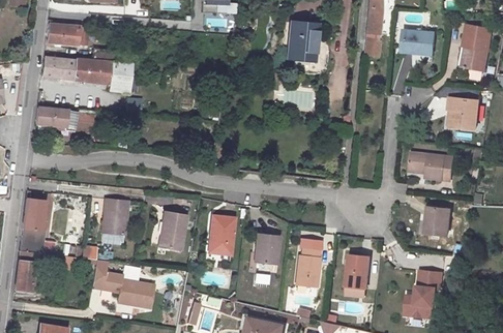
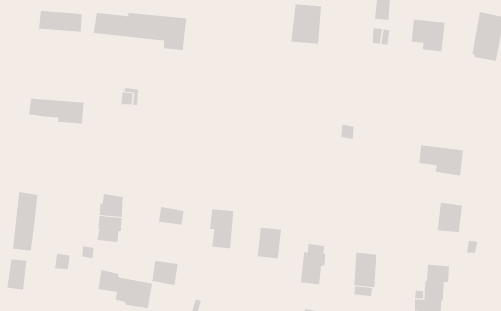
building: [41,56,131,92] -> [93,13,187,51]
building: [449,98,479,130] -> none
building: [157,225,183,249] -> [151,260,178,285]

